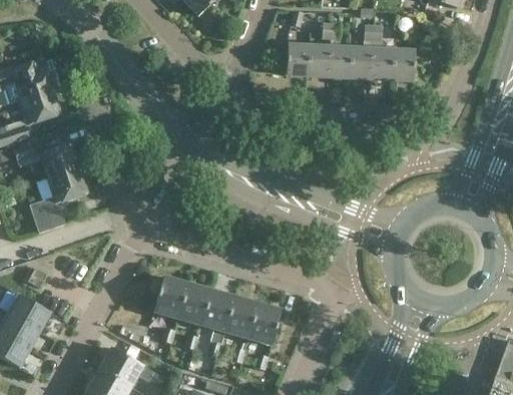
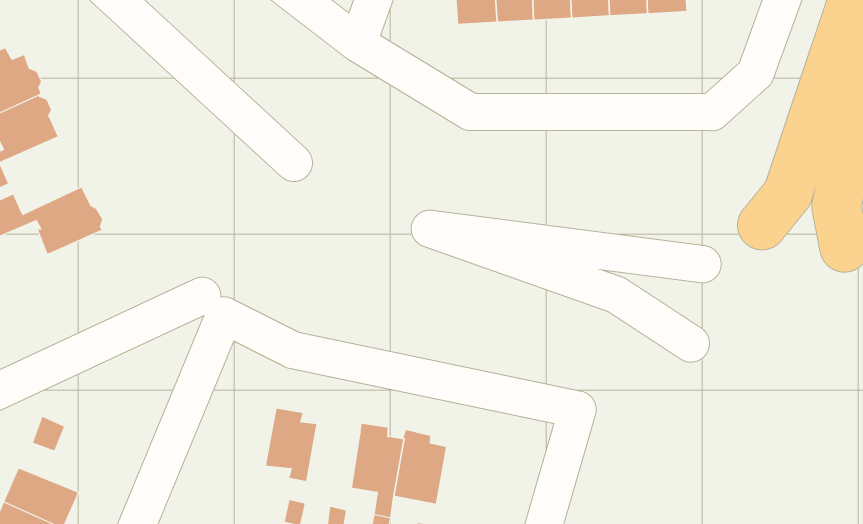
building: [30,167,87,232] -> none
building: [177,282,209,324] -> none
building: [247,302,281,345] -> none

